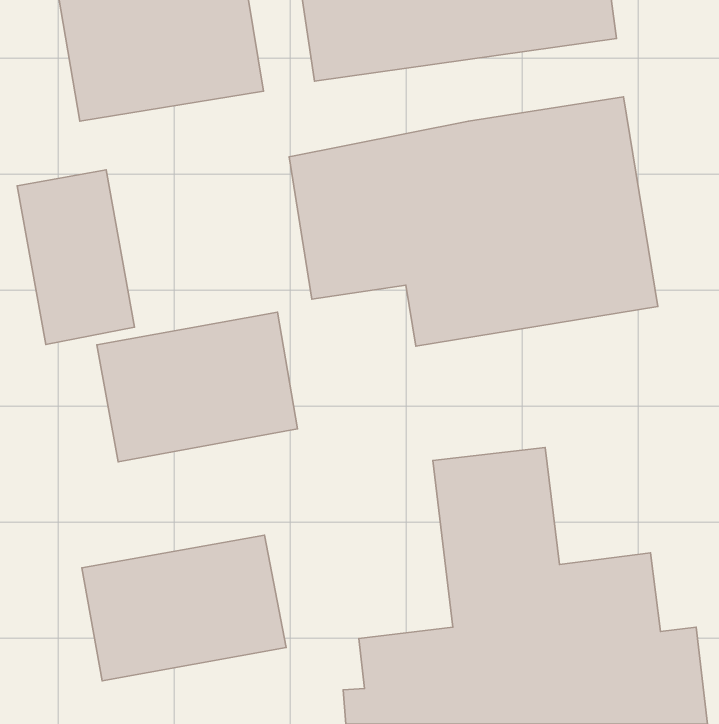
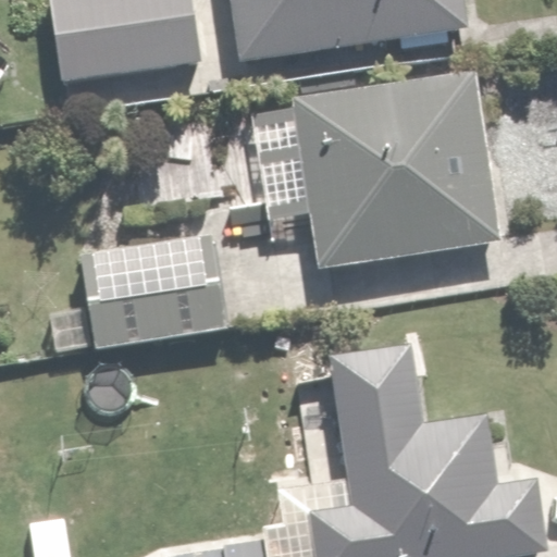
building: [17,170,134,344] -> none
building: [82,535,286,681] -> none

